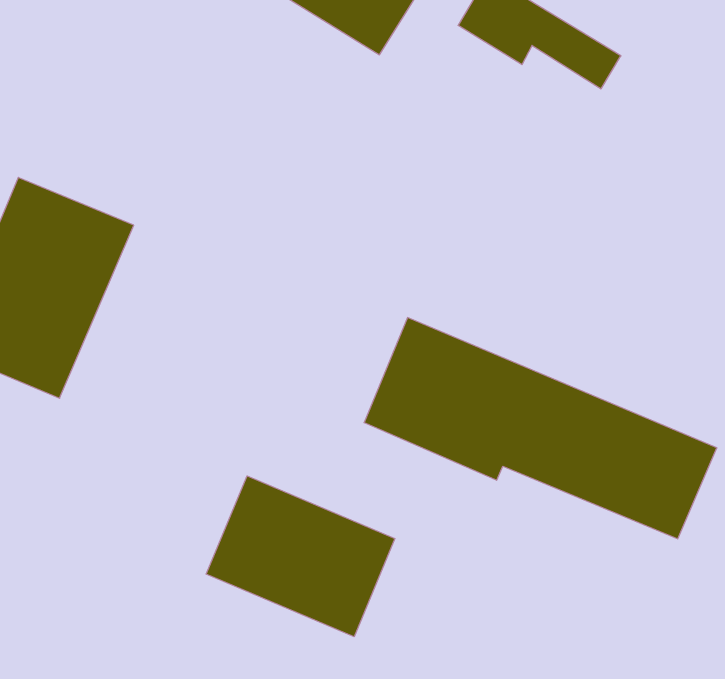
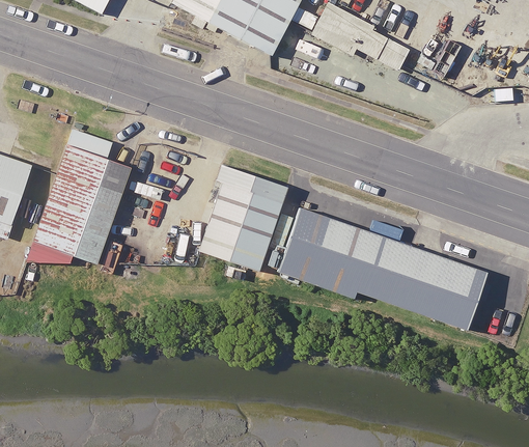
building: none -> [183,165,283,274]
building: [206,476,395,637] -> none

